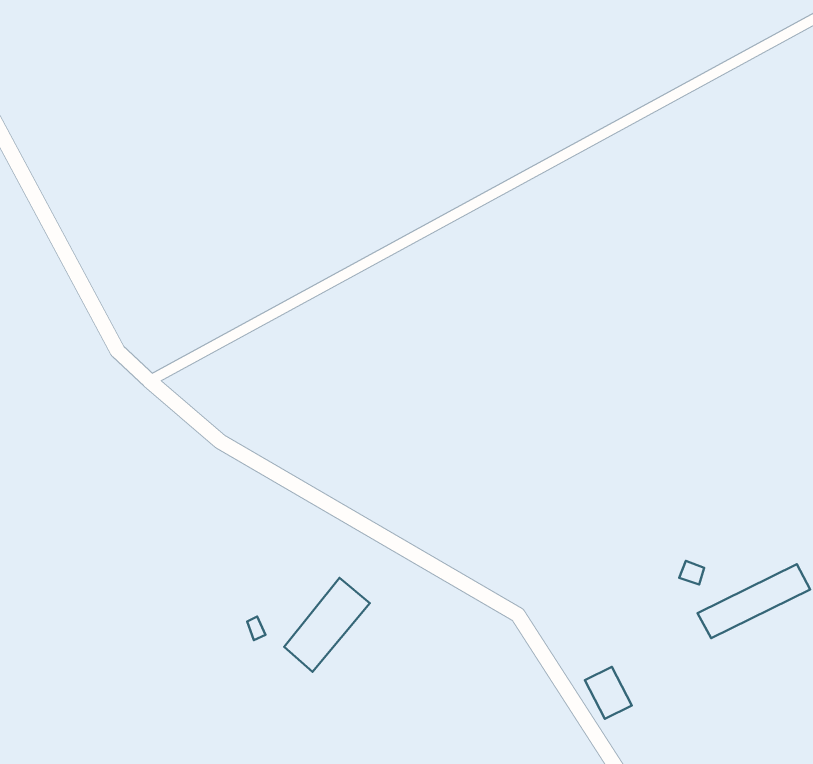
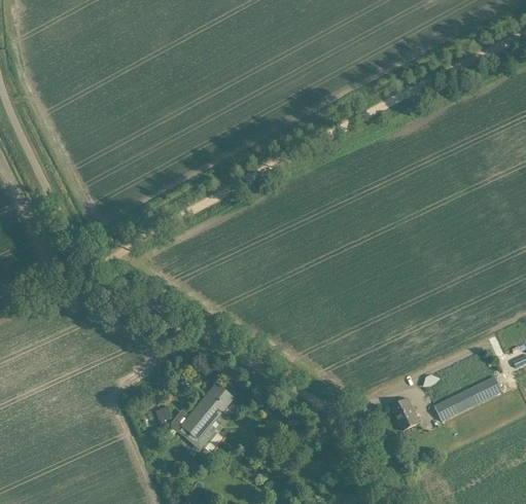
building: [585,667,632,719] -> [390,399,419,431]

